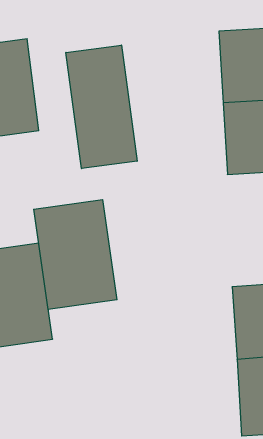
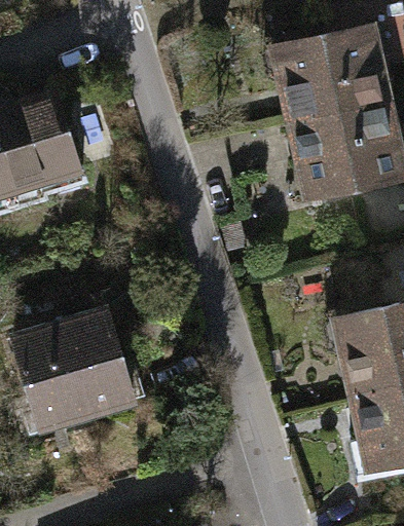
building: [66,45,137,169] -> none
building: [34,200,117,310] -> none

